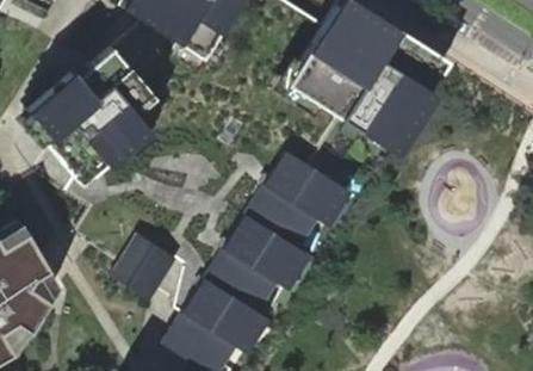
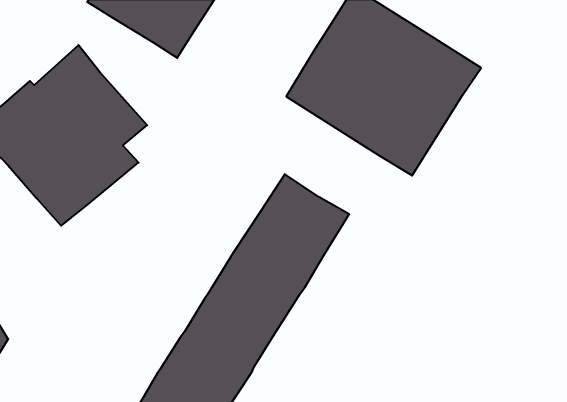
building: [113,234,178,299] -> none

